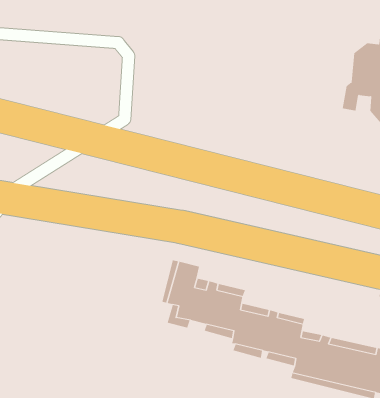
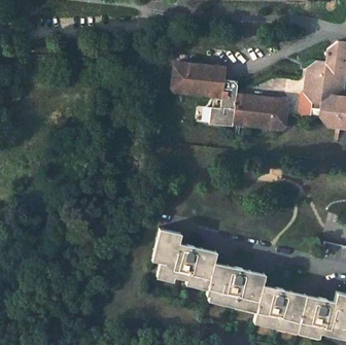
building: none -> [168,60,281,131]

